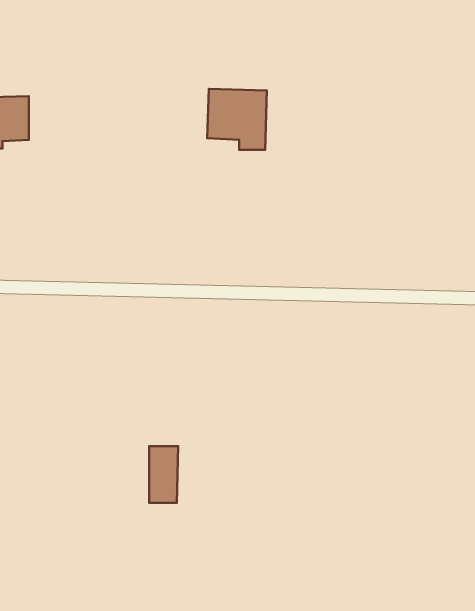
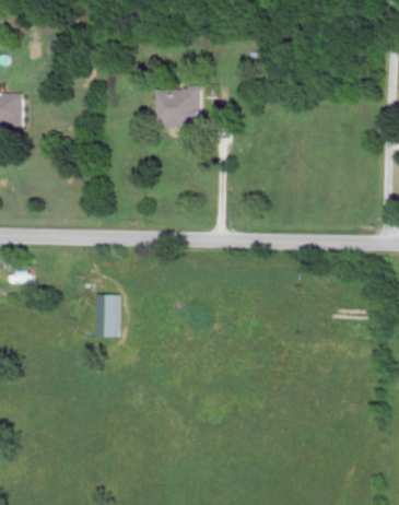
building: [149,446,178,503] -> [96,295,118,338]

